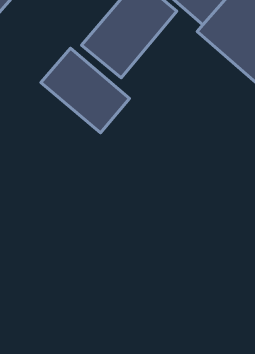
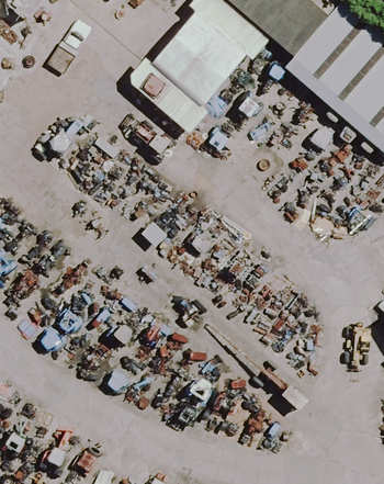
building: [41,48,129,133] -> none

